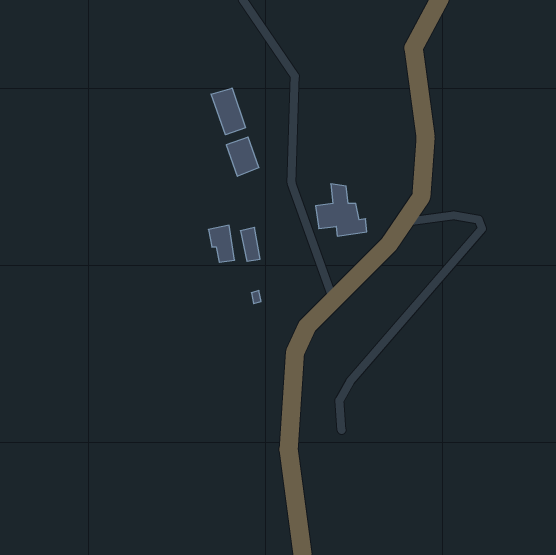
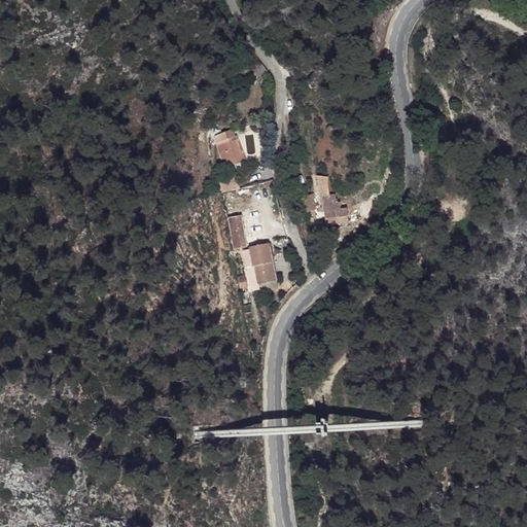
building: [211,88,246,135] -> none
building: [208,225,235,262] -> [249,244,274,279]

